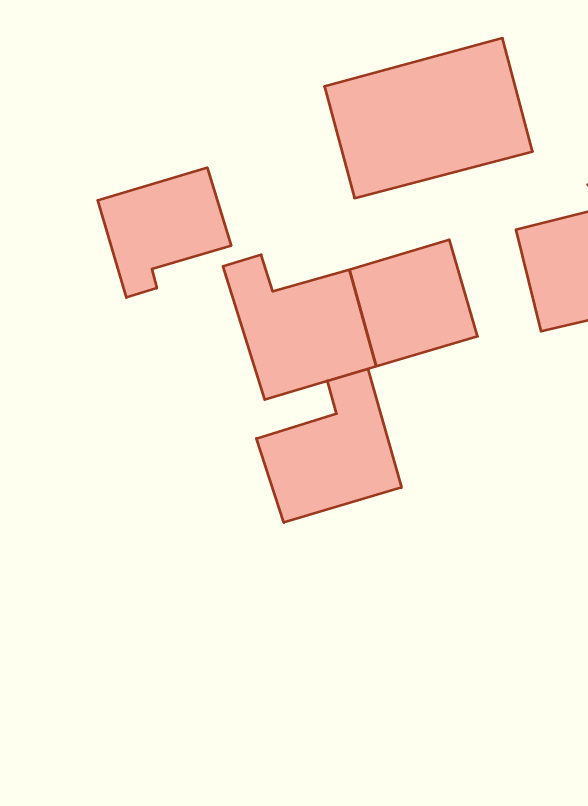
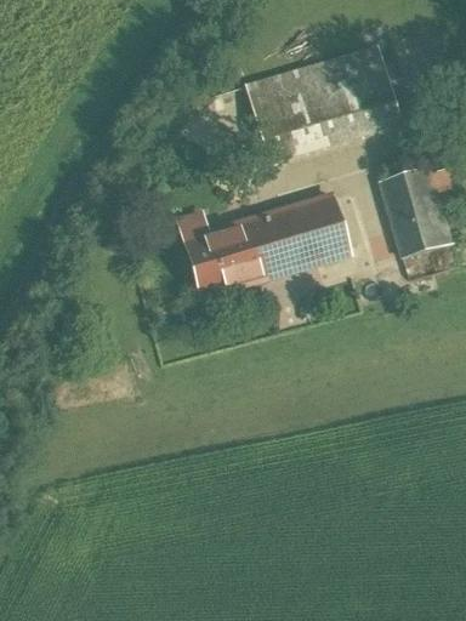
building: [98,168,231,298] -> none
building: [256,369,401,523] -> none

